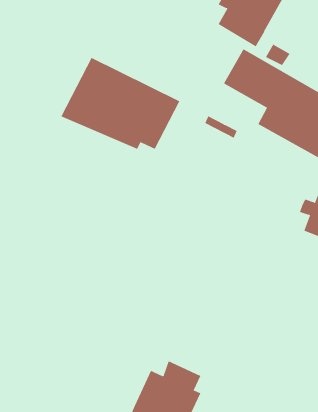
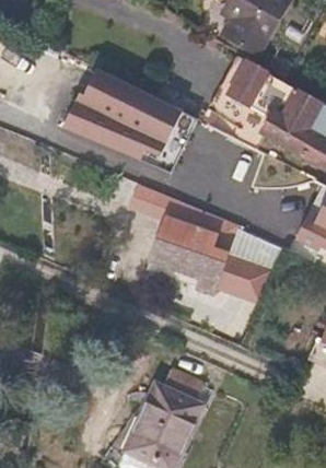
building: none -> [129,184,282,304]

